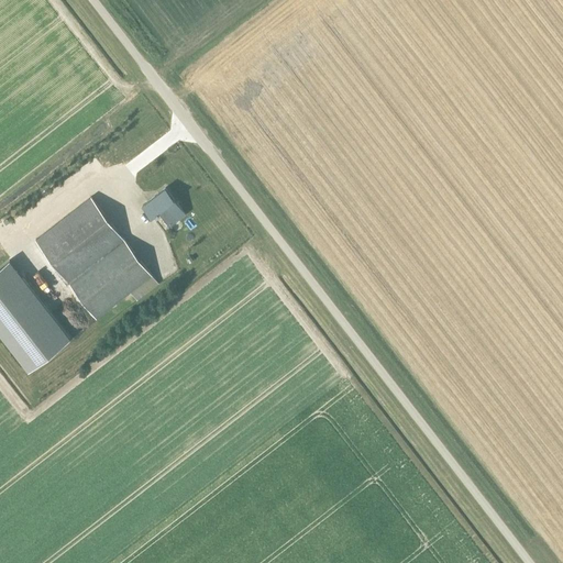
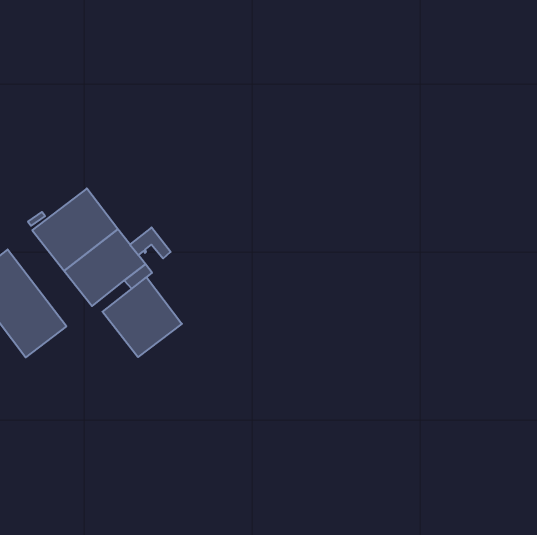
building: [142,190,184,222] -> [130,227,171,258]
building: none -> [102,277,182,357]

